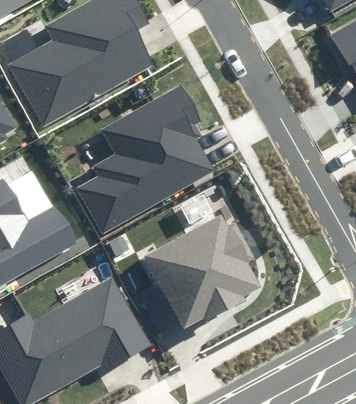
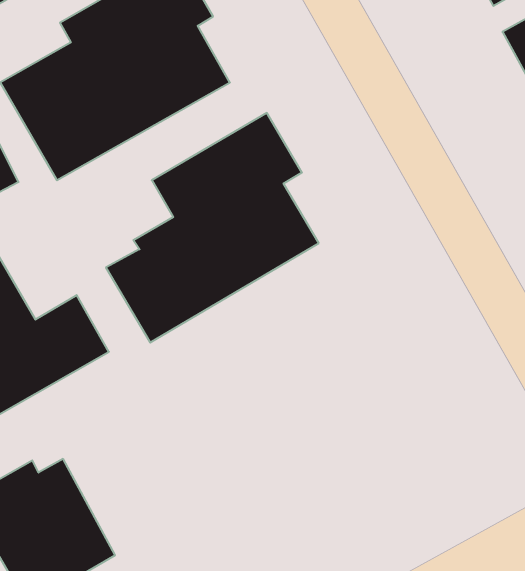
building: [143,213,261,329] -> none
building: [46,275,151,375] -> none

